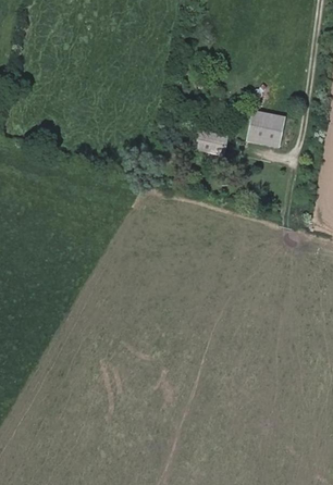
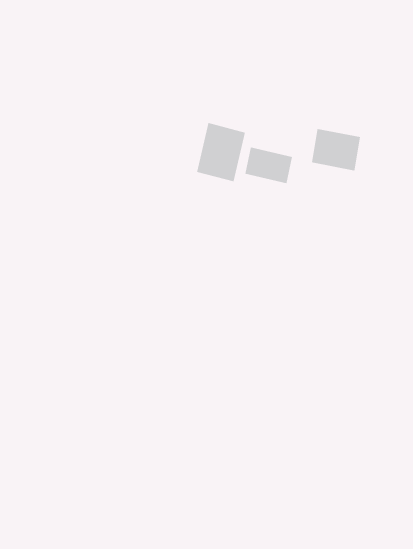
building: none -> [196,122,246,182]

